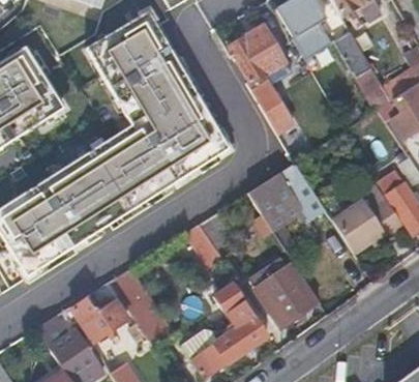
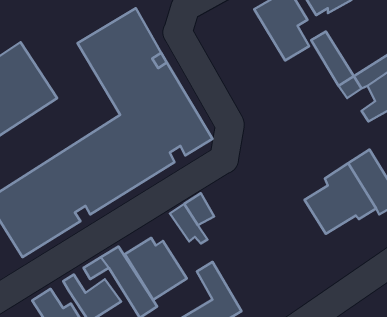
building: [228,27,301,136] -> none
building: [248,161,321,245] -> none
building: [250,256,317,322] -> [125,238,187,300]

